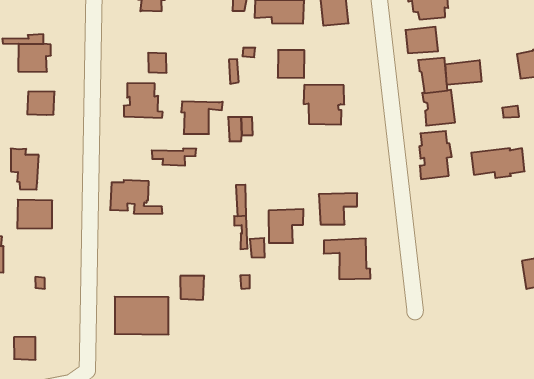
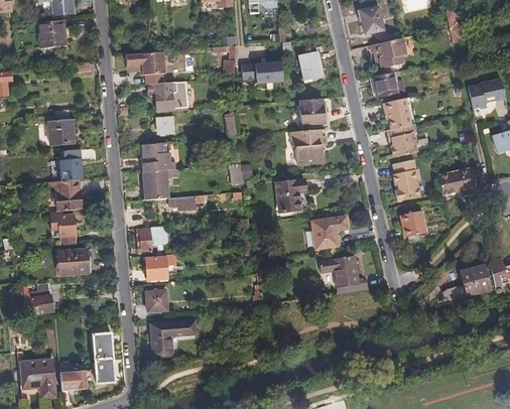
building: none -> [149,80,188,109]
building: [278,50,304,78] -> [300,99,325,124]
building: [445,60,481,85] -> none
building: [181,101,223,134] -> [143,170,177,200]
building: none -> [47,178,82,210]
building: none -> [400,210,426,237]
building: [269,209,303,243] -> [276,179,306,211]
building: none -> [145,256,168,278]
building: none -> [441,267,492,306]
building: [180,276,204,300] -> [145,292,166,313]
building: none -> [92,332,115,384]

